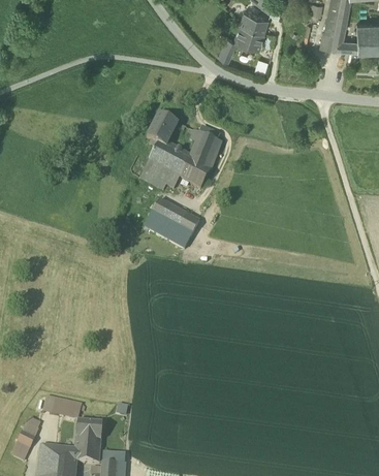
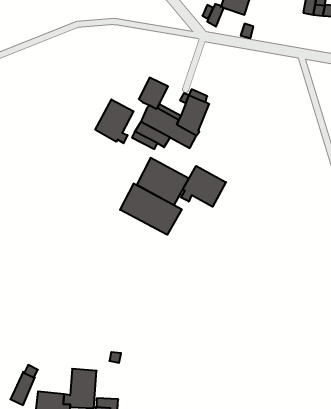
building: none -> [95,99,134,143]
building: none -> [181,166,226,207]
building: none -> [120,183,182,235]
building: [42,394,82,417] -> none

